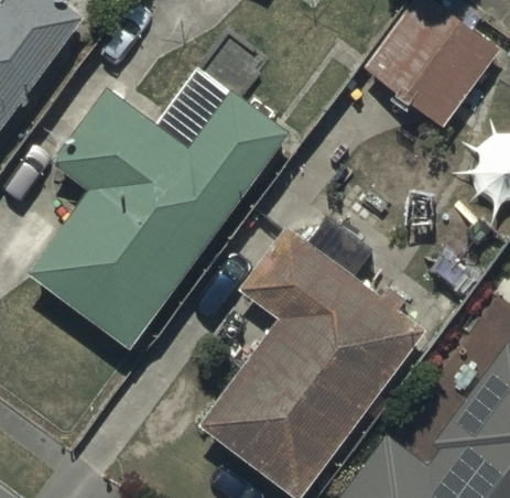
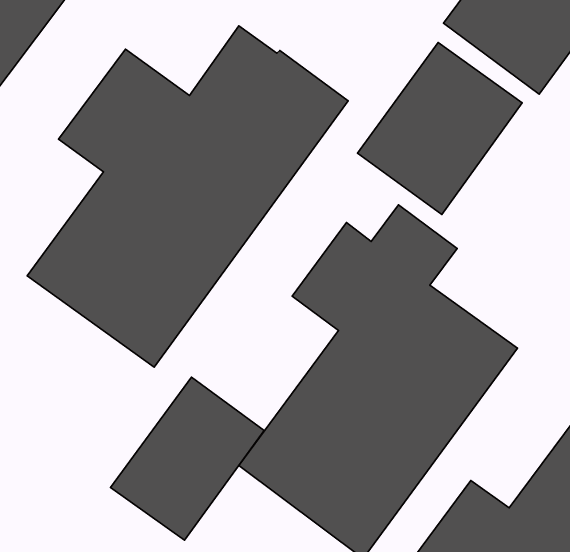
building: none -> [357,43,522,215]
building: none -> [111,377,264,540]

